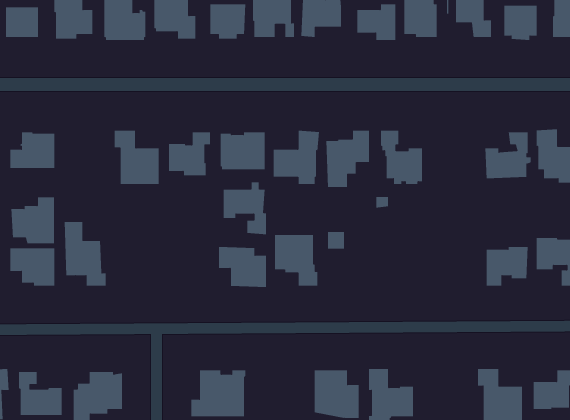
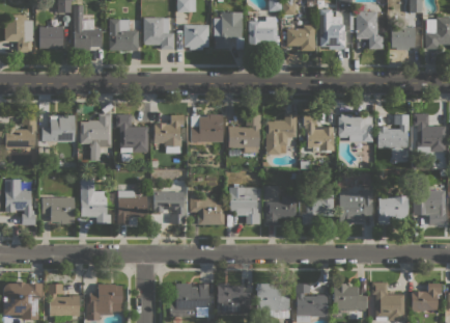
building: none -> [339,114,373,142]
building: [223,182,267,235] -> [154,187,186,224]
building: [11,197,55,244] -> [80,114,111,147]
building: none -> [339,190,375,223]
building: none -> [118,191,147,224]
building: none -> [303,195,334,225]
building: none -> [266,196,297,224]
building: none -> [218,282,252,314]
building: none -> [333,284,368,311]

